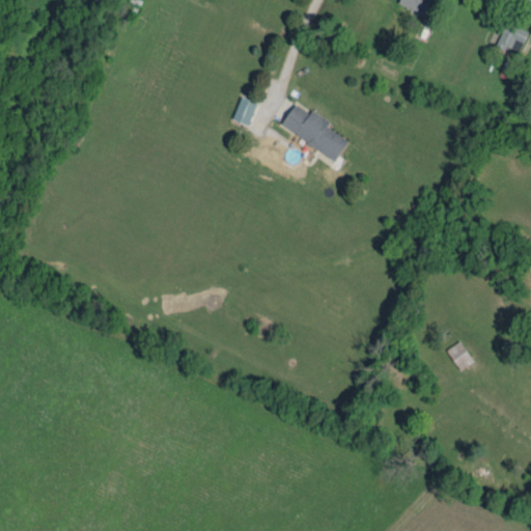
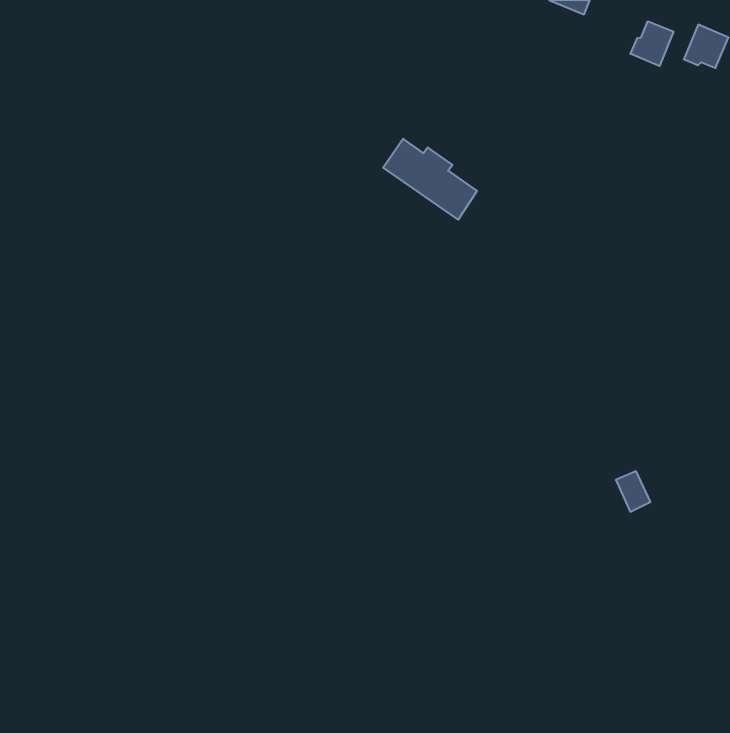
building: none -> [630,21,674,66]
building: [234,97,257,124] -> none

